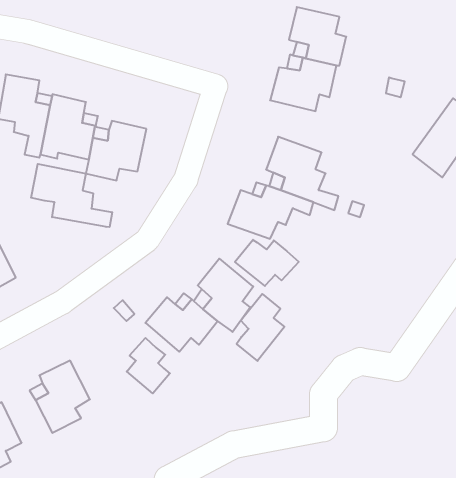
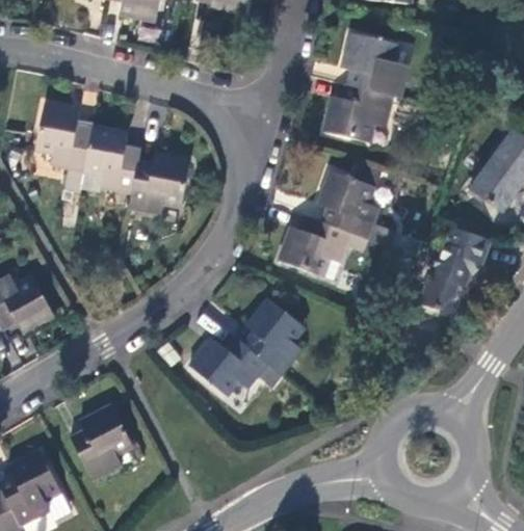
building: [31,164,112,227] -> none
building: none -> [420,228,493,312]
building: [235,240,299,286] -> none
building: [237,294,284,361] -> none
building: [127,338,170,393] -> none

